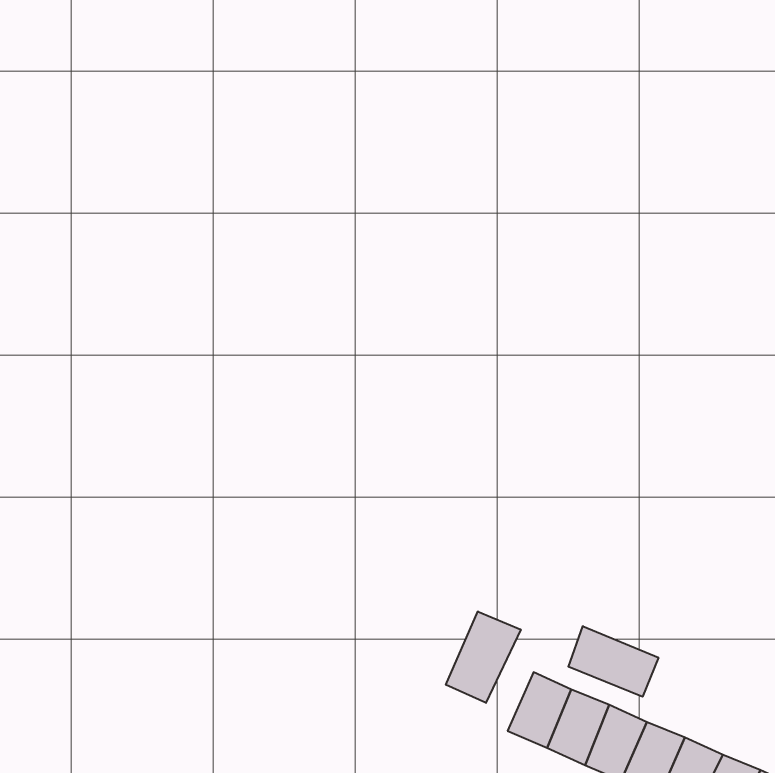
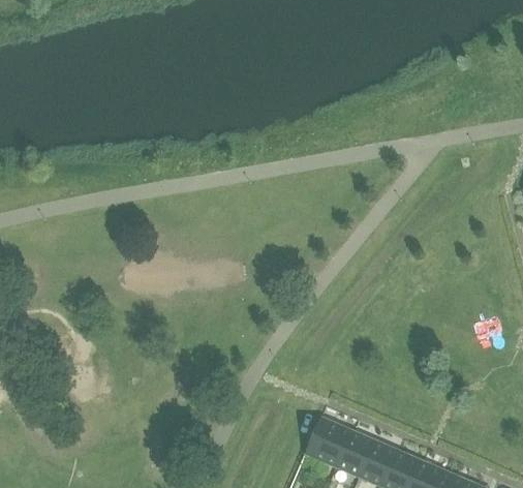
building: [446,611,521,703] -> none
building: [568,626,658,697] -> none

